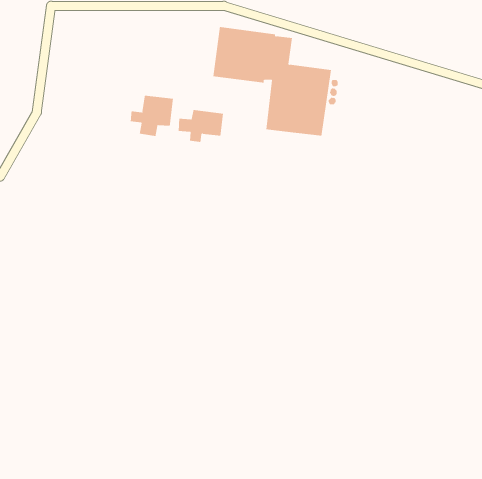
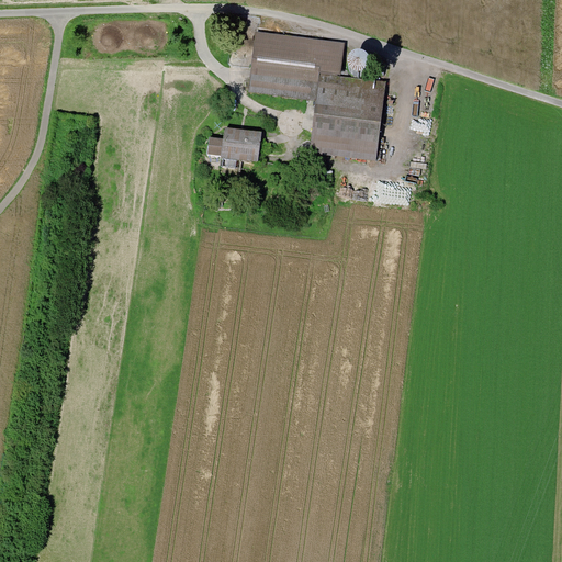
building: [130,95,174,137] -> none

